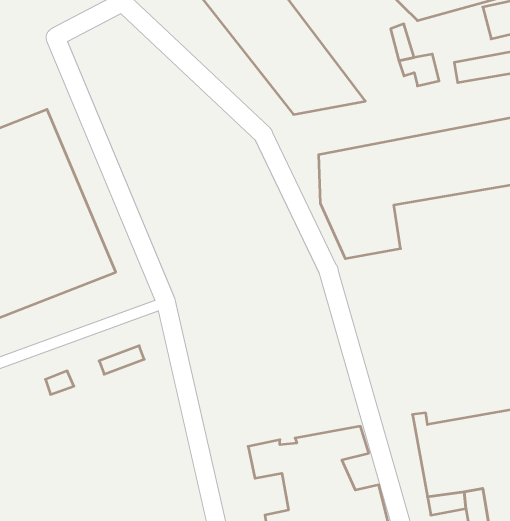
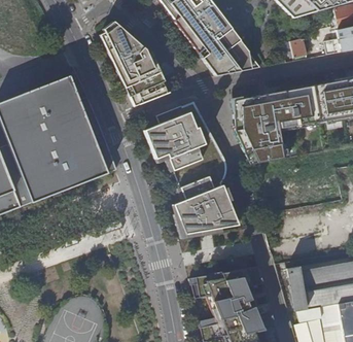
building: none -> [98,16,170,106]
building: none -> [153,107,239,240]

